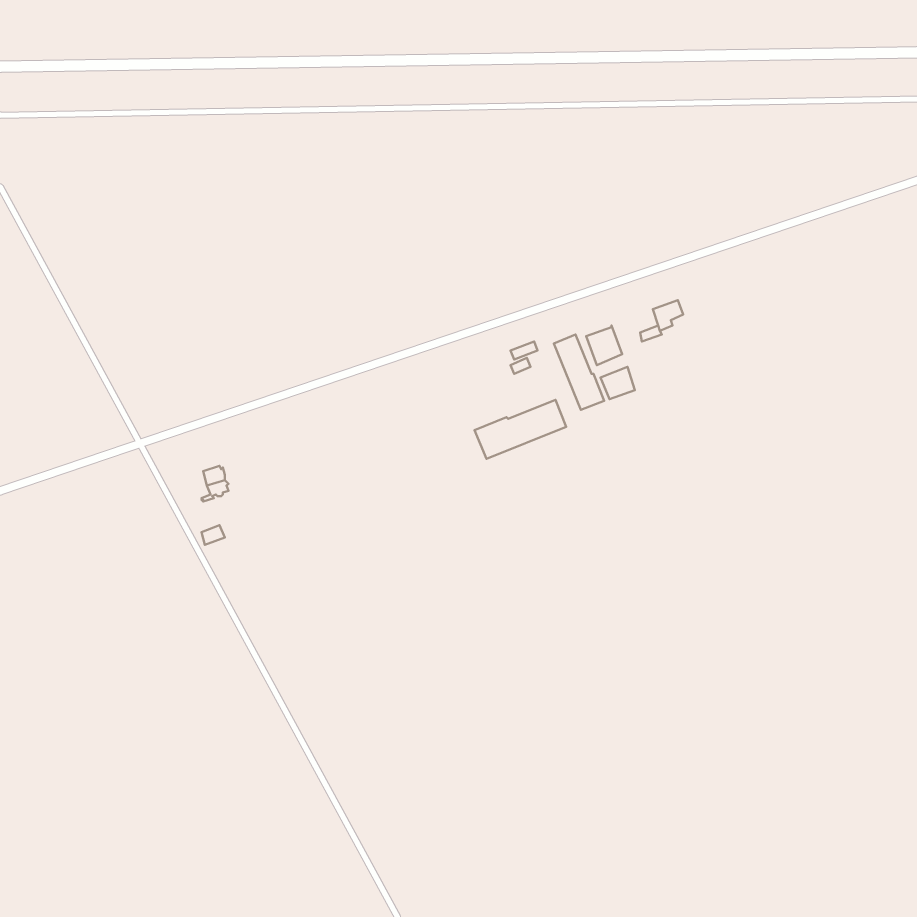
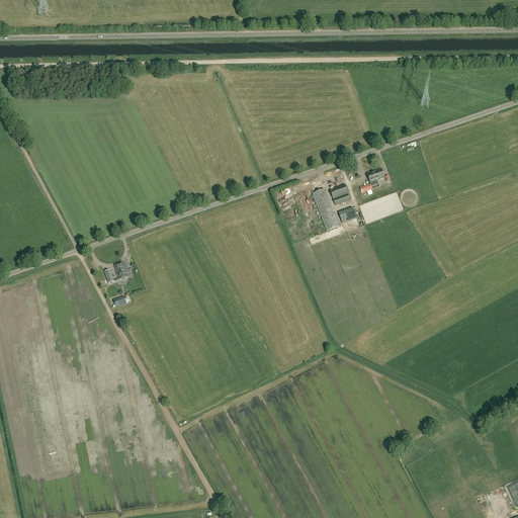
building: [474,400,566,459] -> none

